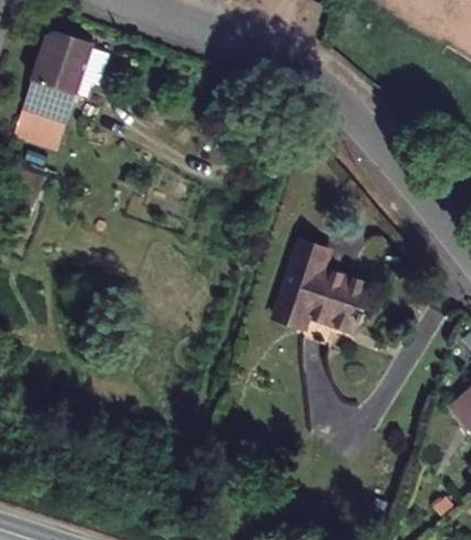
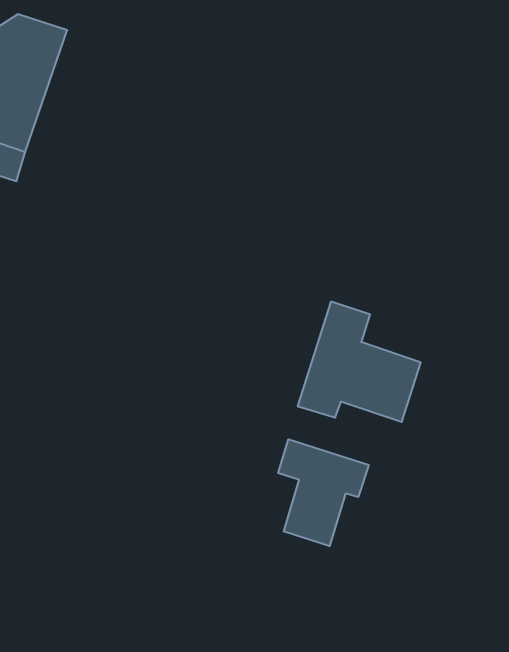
building: none -> [278,439,369,546]

